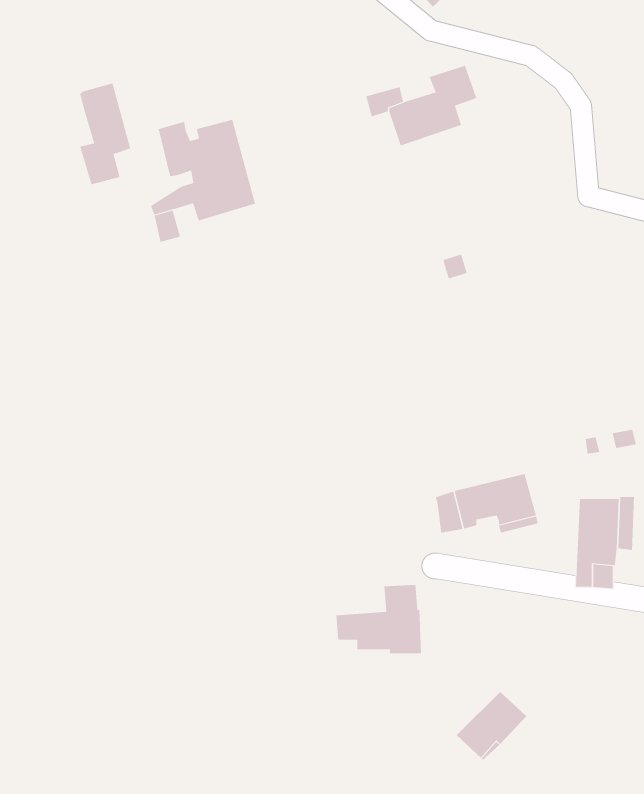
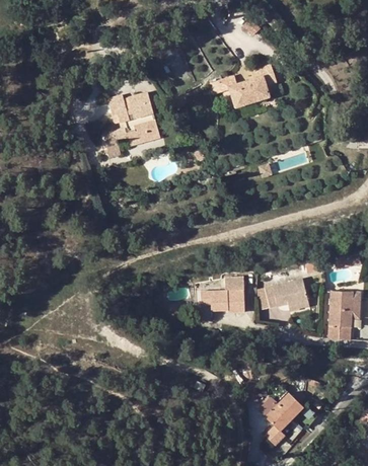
building: [80,83,131,185] -> none
building: [335,584,422,654] -> [199,276,244,312]

